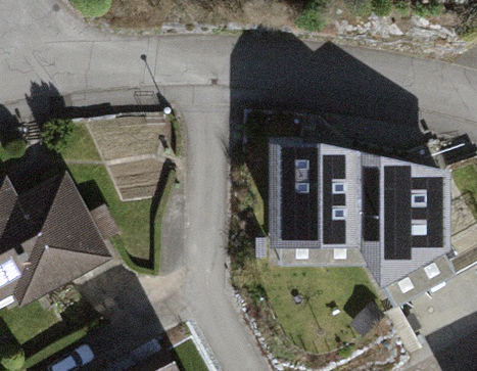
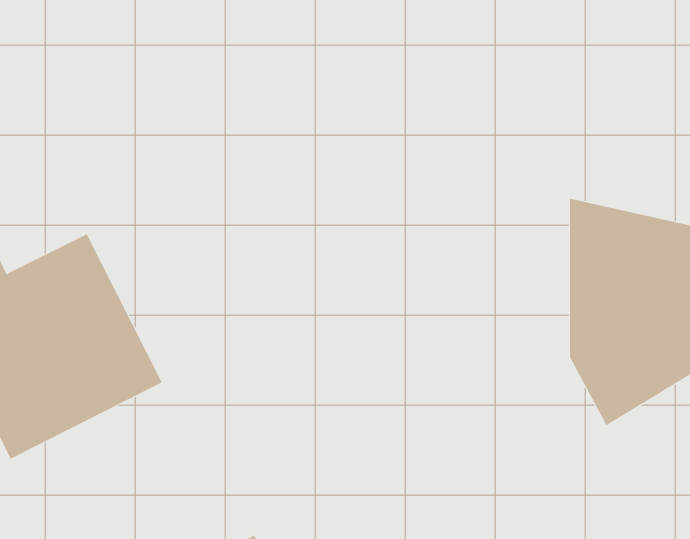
building: [270,143,361,249] -> none

